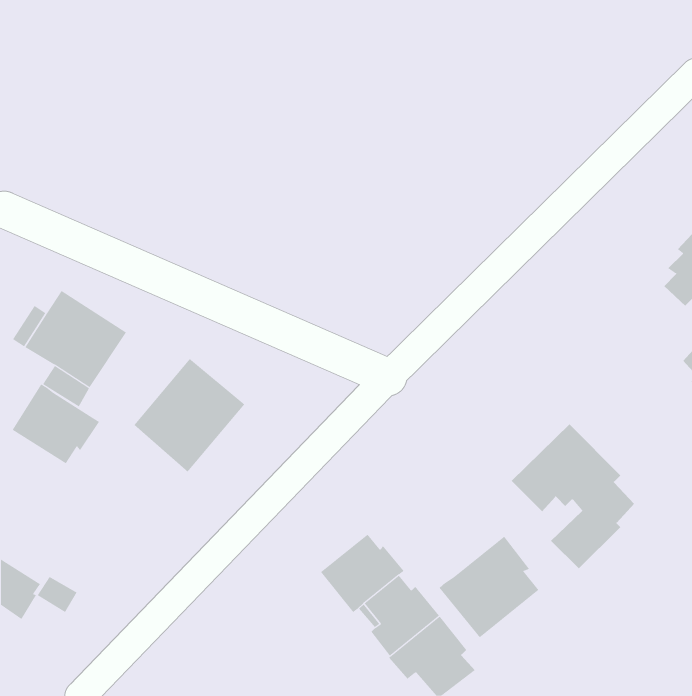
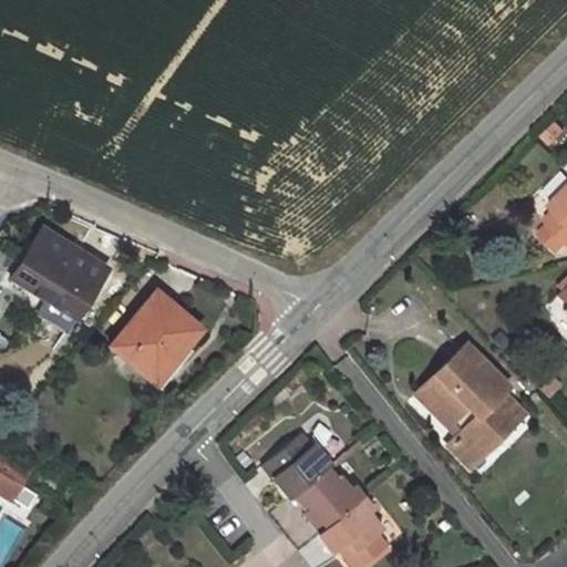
building: [12,384,100,464] -> none
building: [439,536,539,638] -> none

